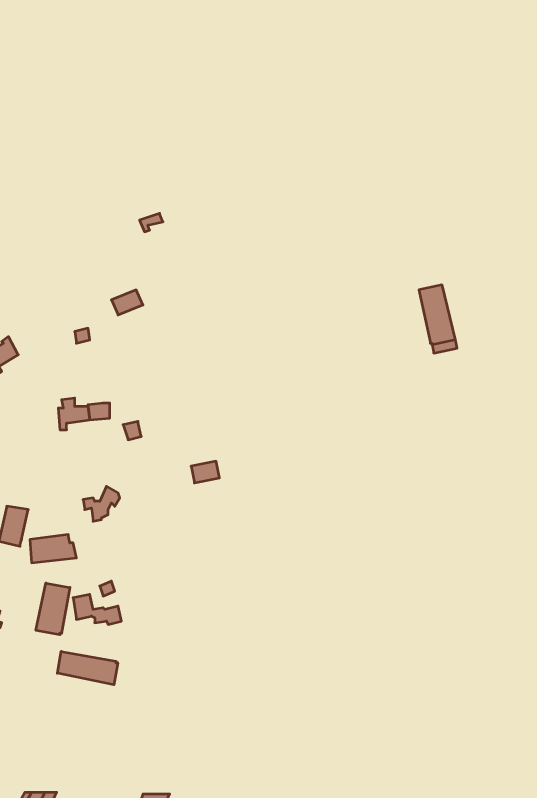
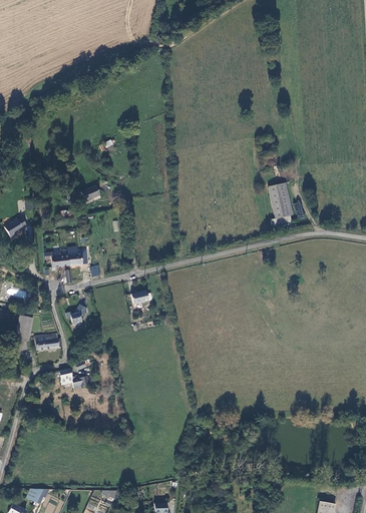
building: [36,583,70,635] -> none
building: [57,651,118,685] -> none

